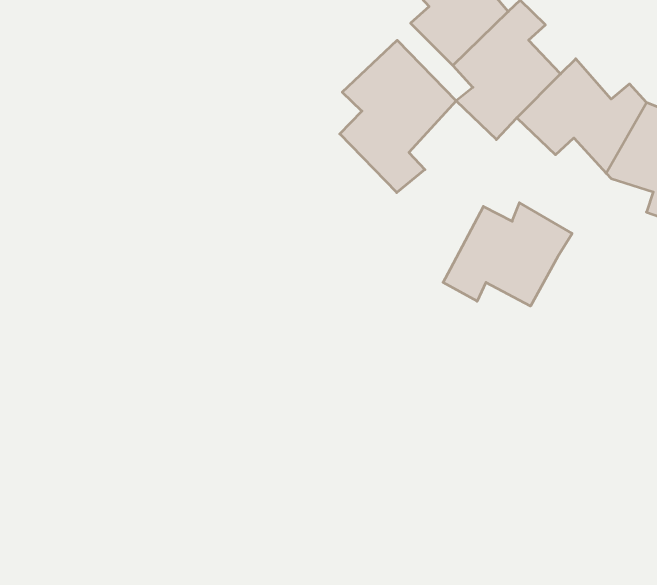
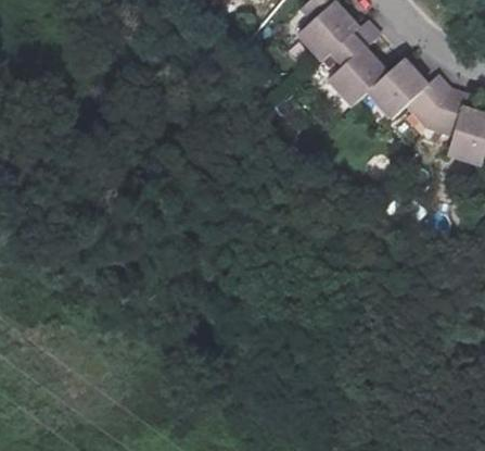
building: [340,40,456,193] -> none
building: [443,203,572,306] -> none

